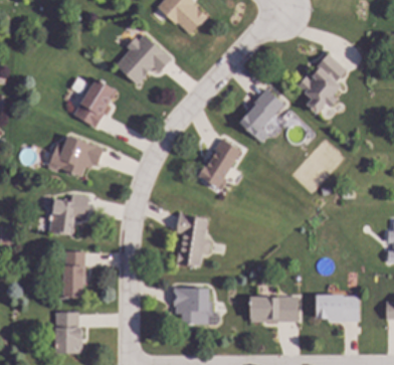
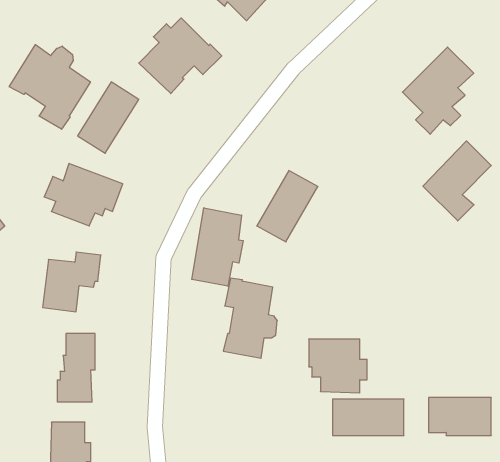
building: none -> [9,45,90,129]
building: [236,88,283,144] -> [423,141,491,221]
building: none -> [192,208,243,286]
building: [173,288,213,325] -> [309,339,367,393]

